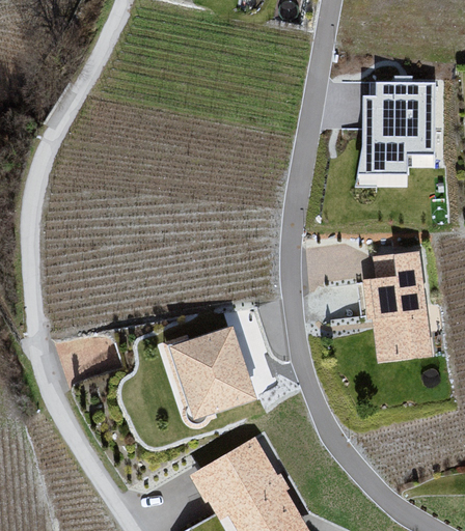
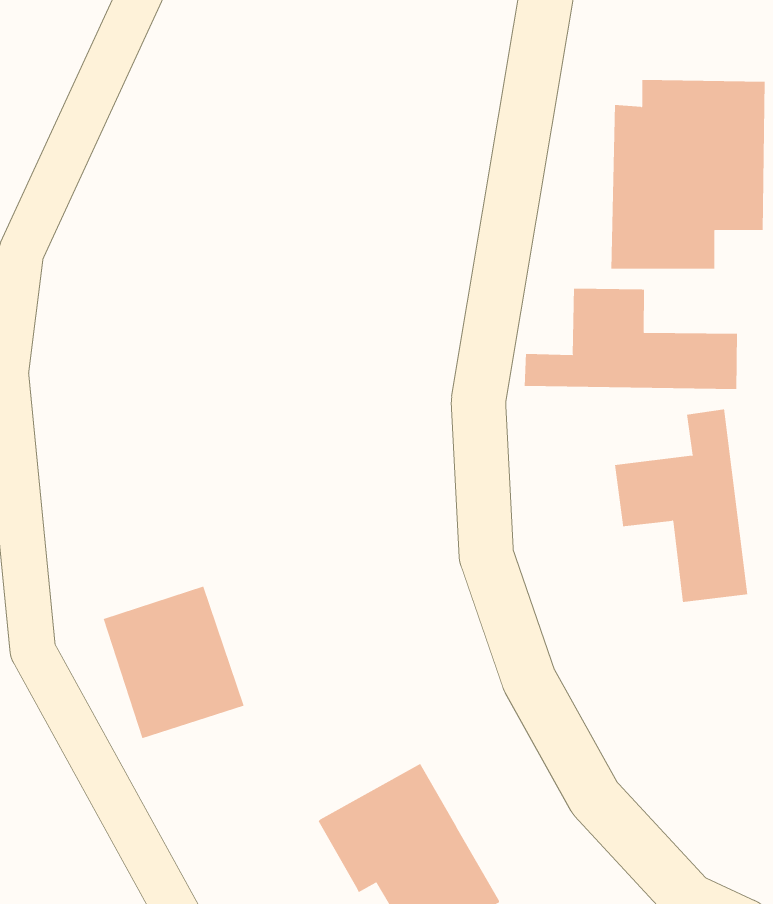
building: none -> [524,288,737,390]
building: [176,331,252,413] -> [103,586,244,739]

